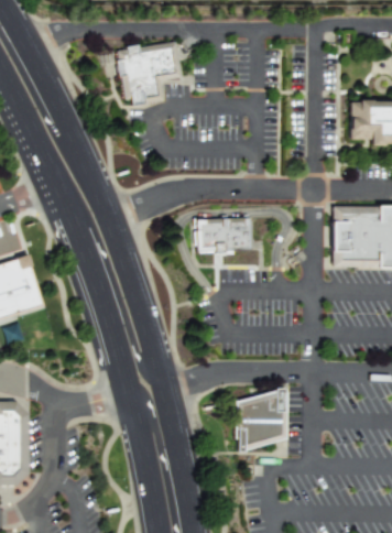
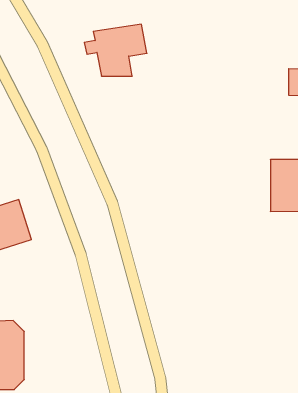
building: [197,220,260,266] -> none
building: [236,389,287,455] -> none

